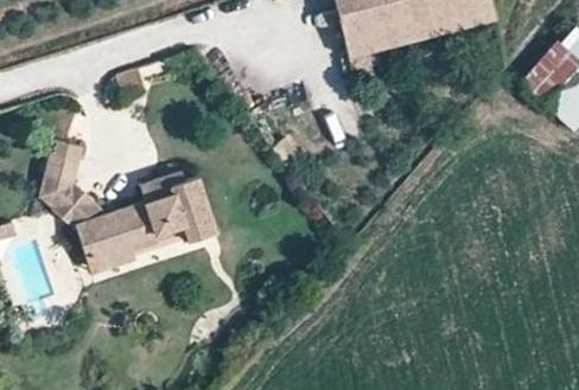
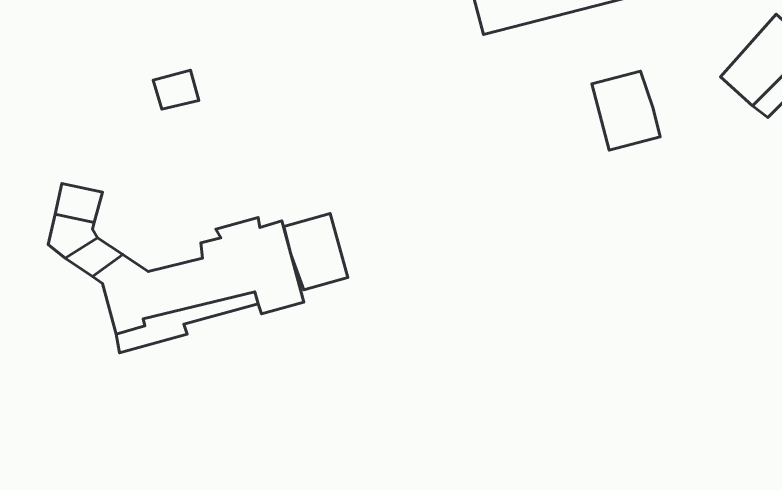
building: none -> [592,71,660,150]
building: none -> [284,213,348,290]

